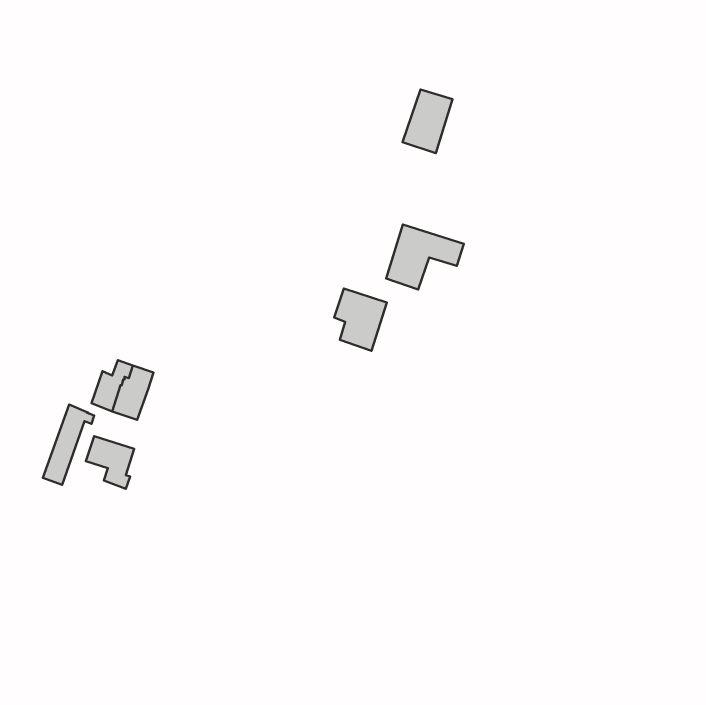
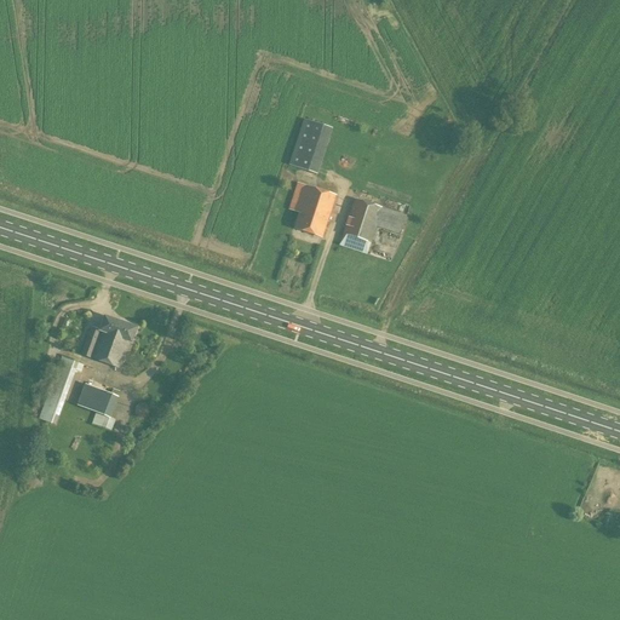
building: [403,90,452,153] -> [287,117,331,173]
building: [334,289,387,351] -> [288,182,334,236]

